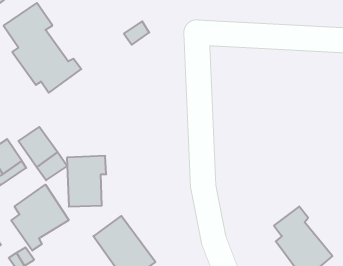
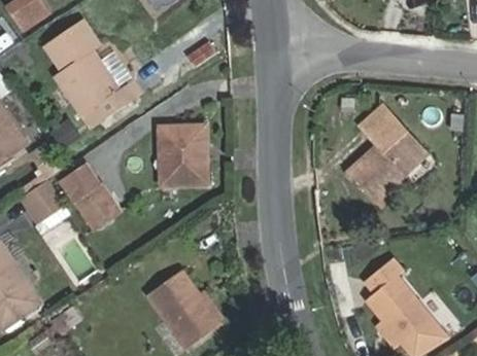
building: none -> [346,105,421,205]
building: [67,156,106,207] -> [157,122,203,182]
building: [11,185,69,251] -> none

